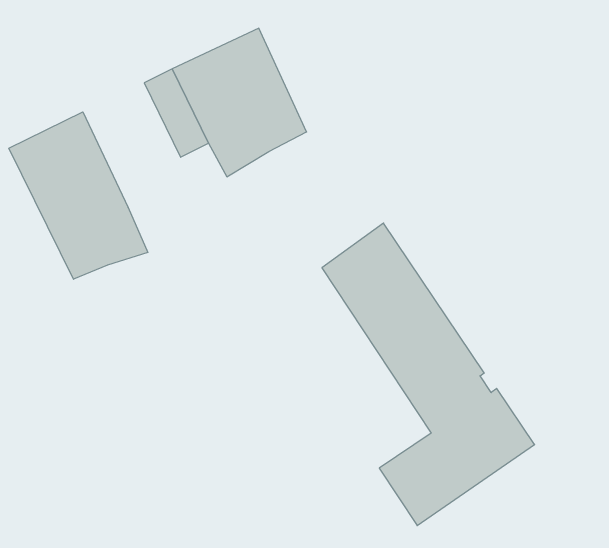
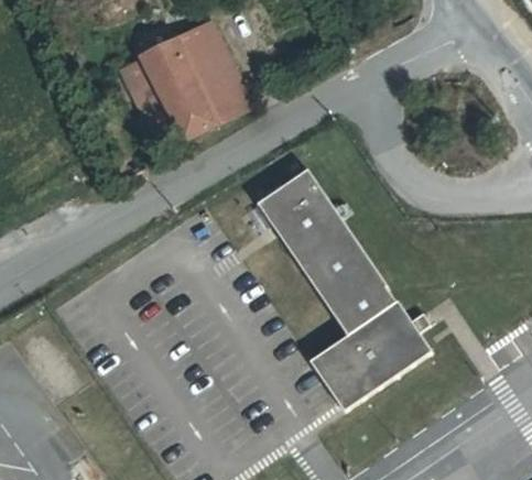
building: [9,112,148,279] -> none

